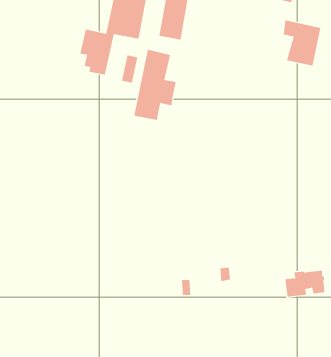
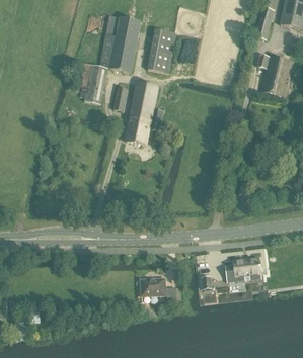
building: none -> [141,278,165,295]
building: [284,270,325,297] -> [225,258,261,282]

